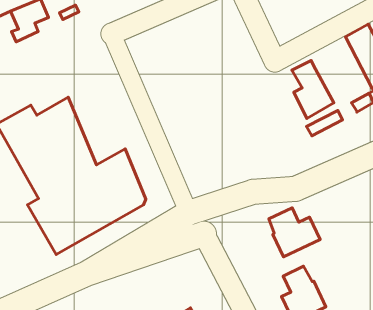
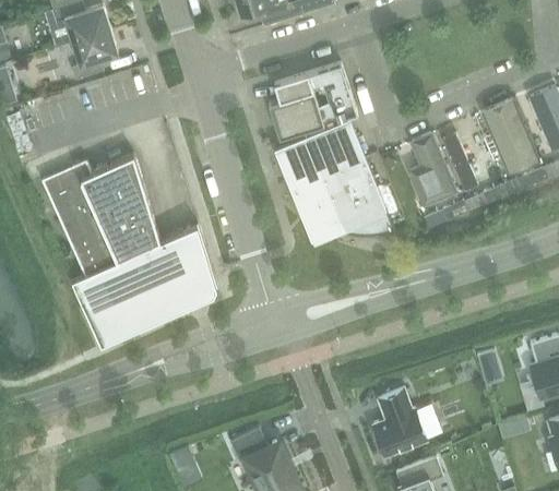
building: none -> [273,64,395,238]
building: none -> [439,137,478,196]
building: [269,208,320,257] -> none

